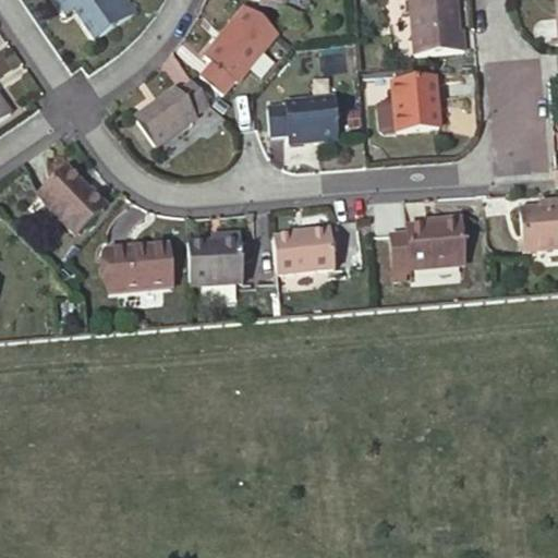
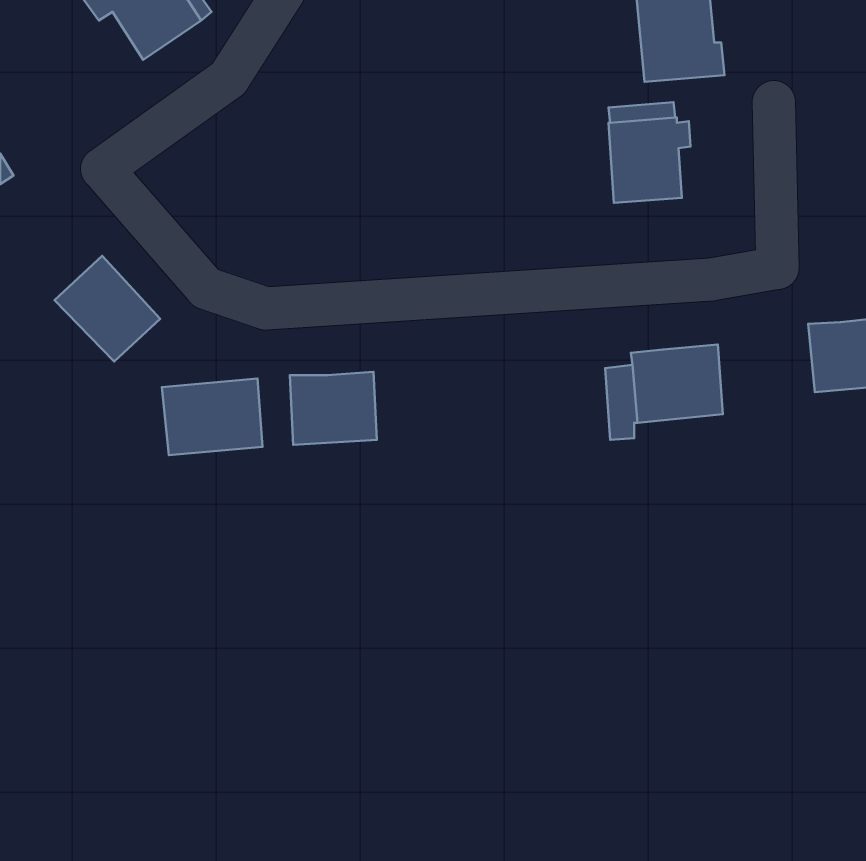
building: [202,4,278,93] -> none
building: [136,78,210,143] -> none
building: [268,97,338,142] -> none
building: [274,228,336,274] -> none

